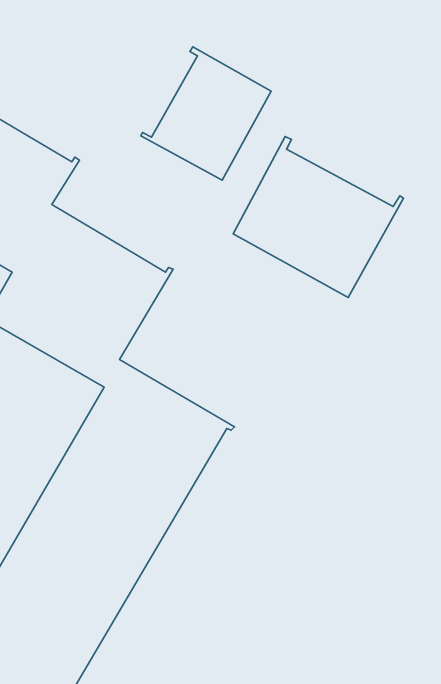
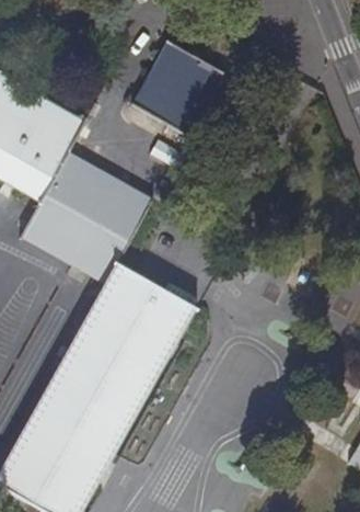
building: [233,137,404,298] -> none

